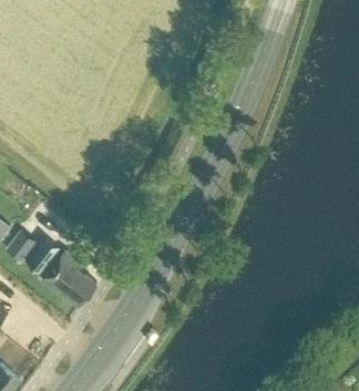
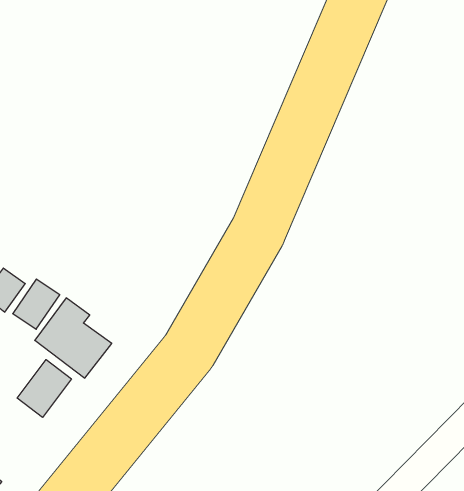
building: none -> [17,360,71,417]

